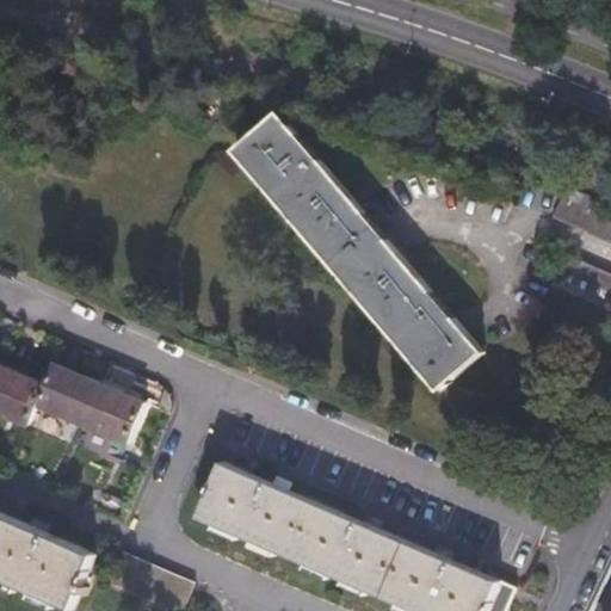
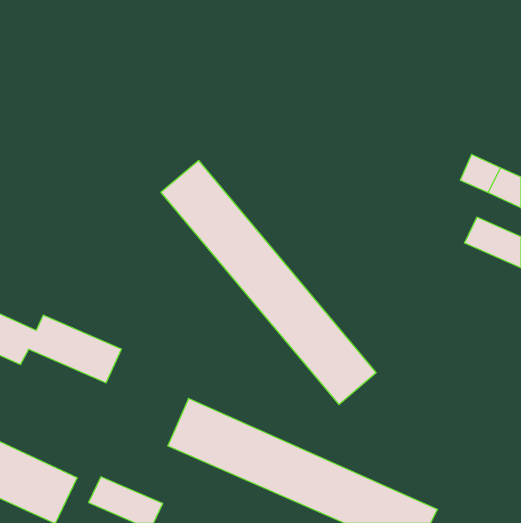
building: [230,112,480,395] -> [161,161,376,405]

